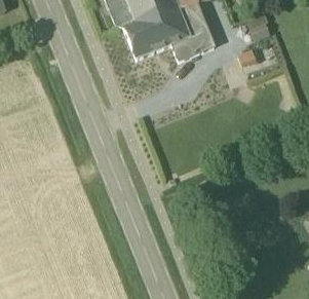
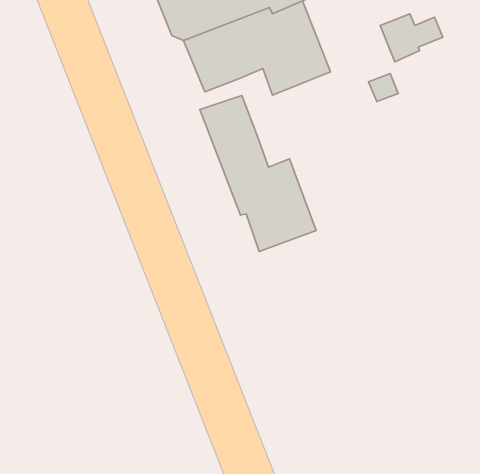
building: none -> [200,96,316,252]

